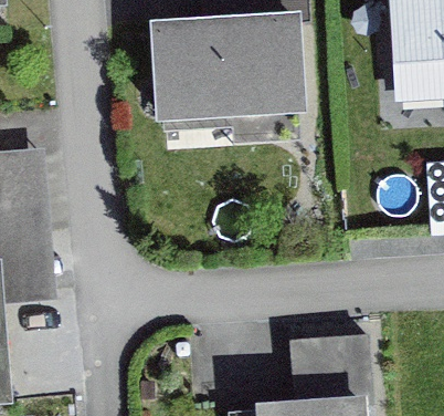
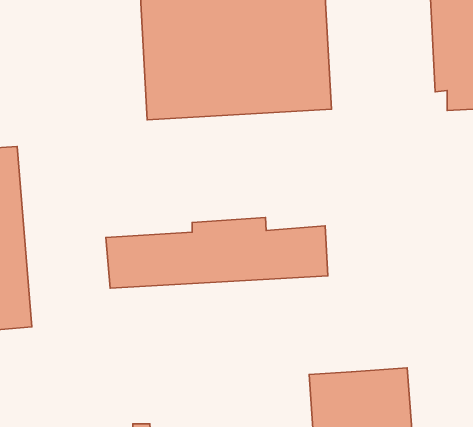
building: none -> [106,218,328,288]

